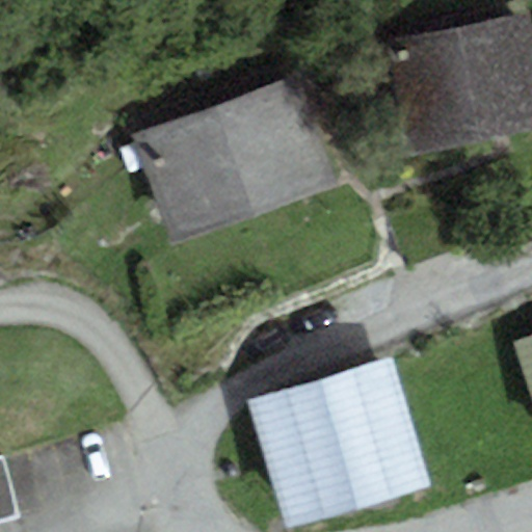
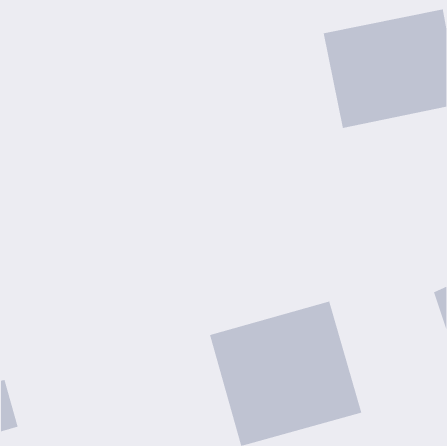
building: [132,73,344,247] -> none

